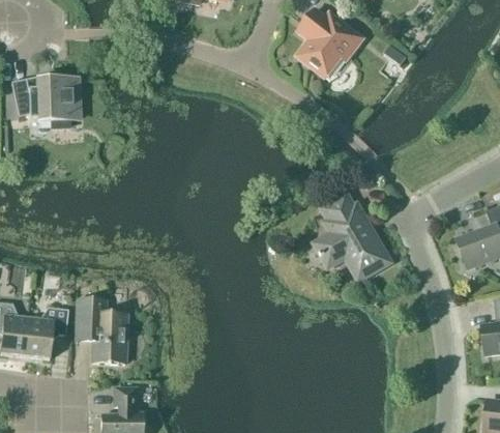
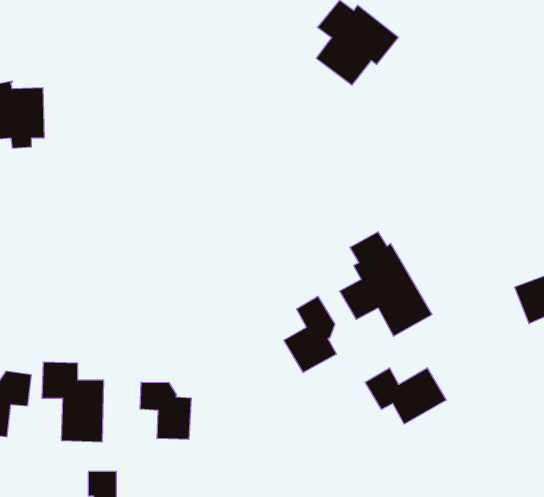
building: none -> [284,296,337,373]
building: none -> [365,368,446,424]
building: none -> [140,382,191,439]

